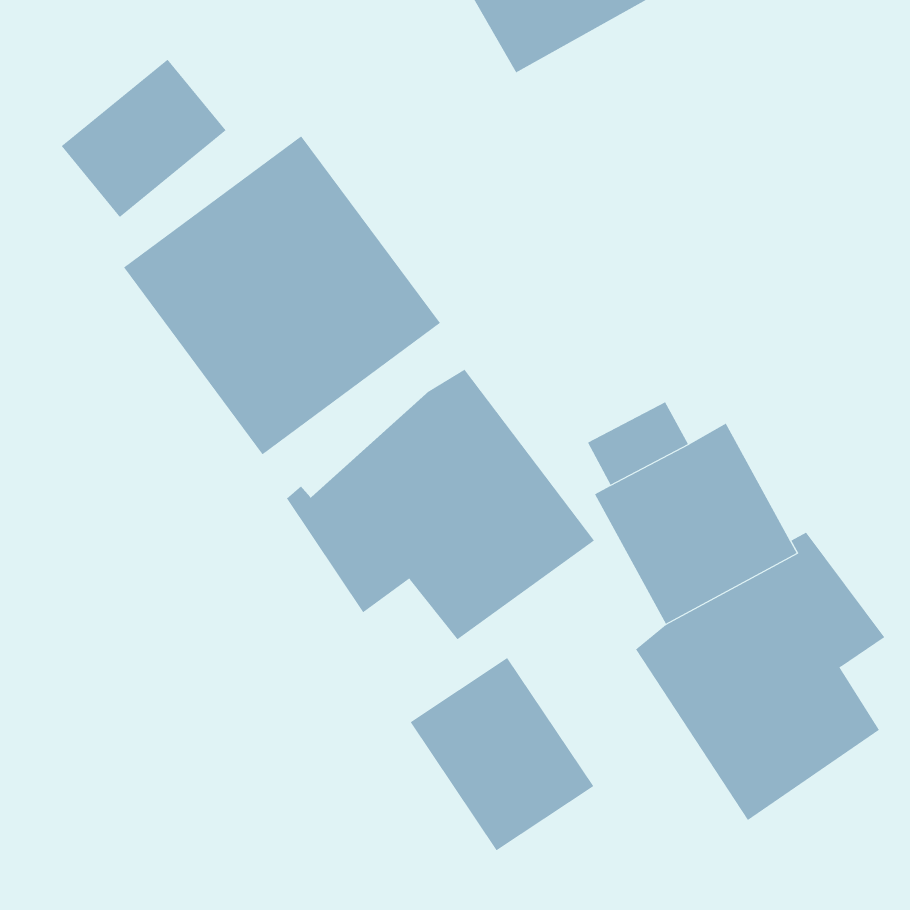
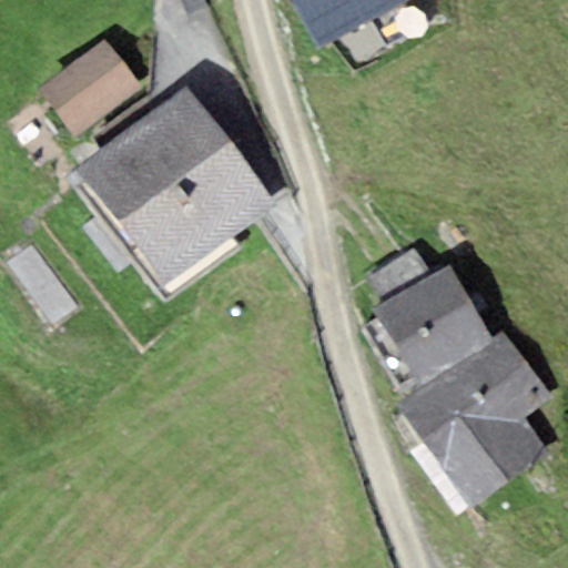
building: [286,369,595,640] -> none
building: [410,657,594,851] -> none

